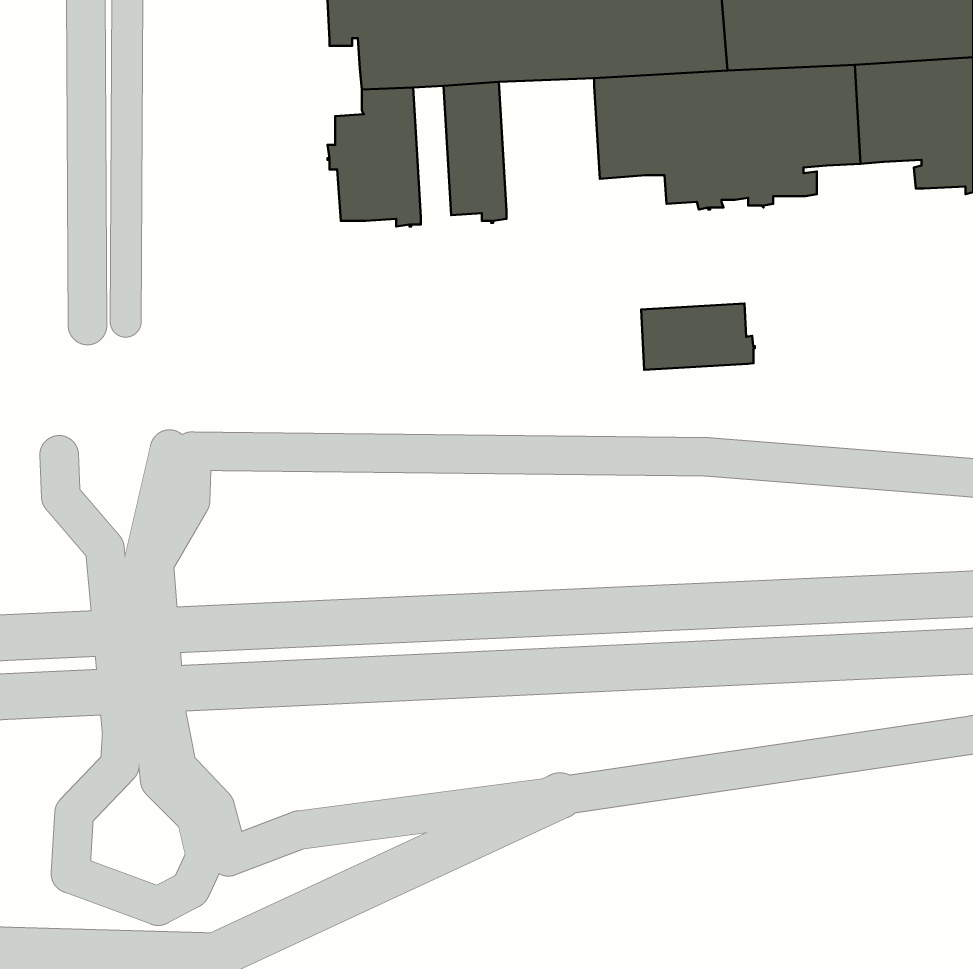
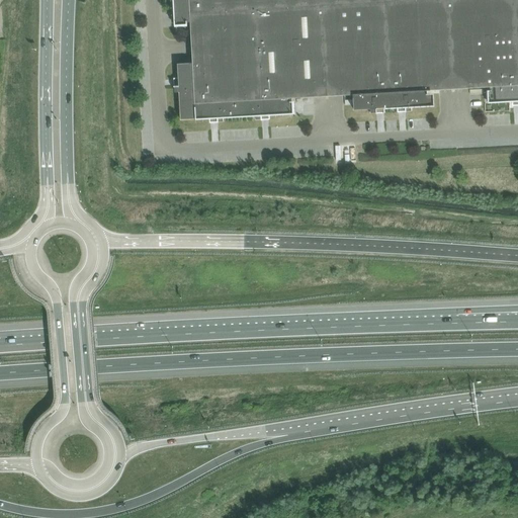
building: none -> [265,41,319,112]
building: none -> [220,46,240,115]
building: [641,304,755,370] -> none

